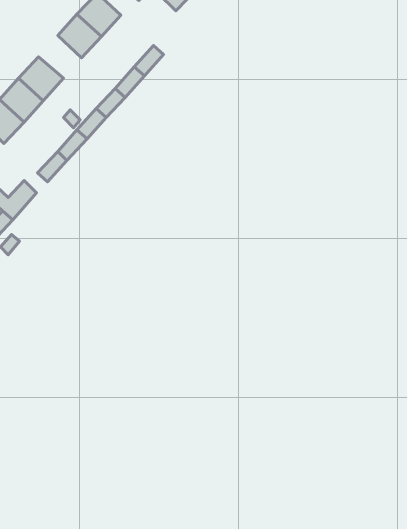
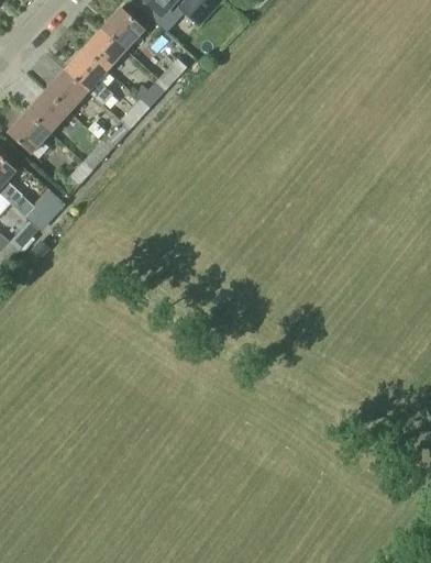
building: none -> [64,49,113,106]

